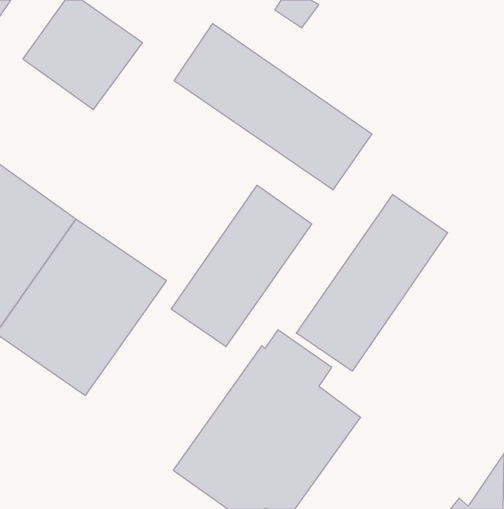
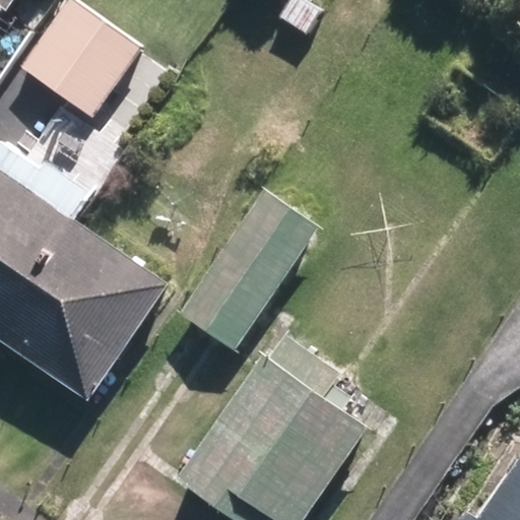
building: [174,24,372,190] -> none
building: [296,194,448,371] -> none

